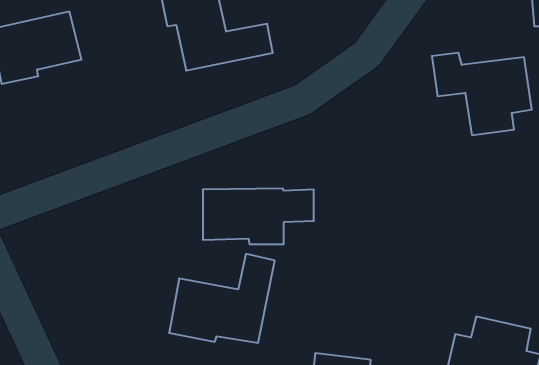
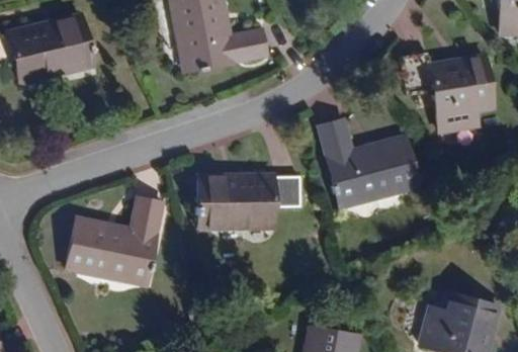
building: none -> [317,121,415,200]
building: [169,254,275,343] -> [73,196,169,277]

